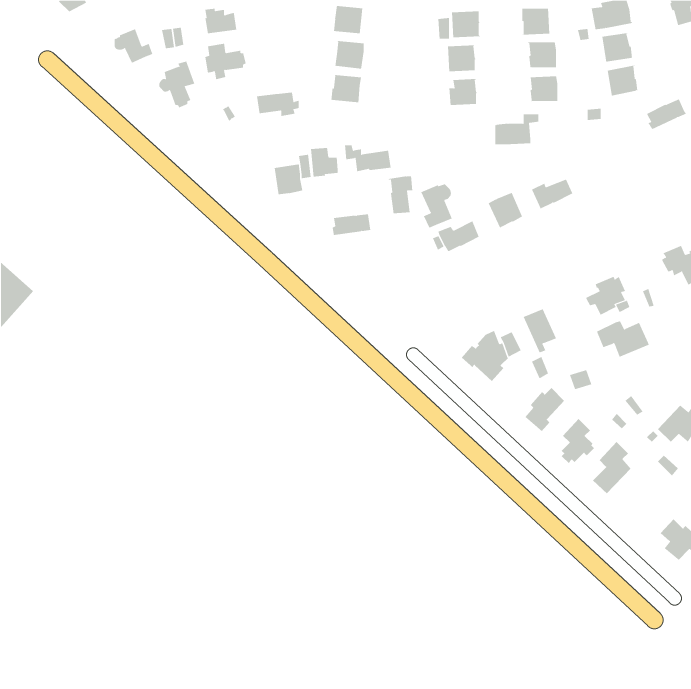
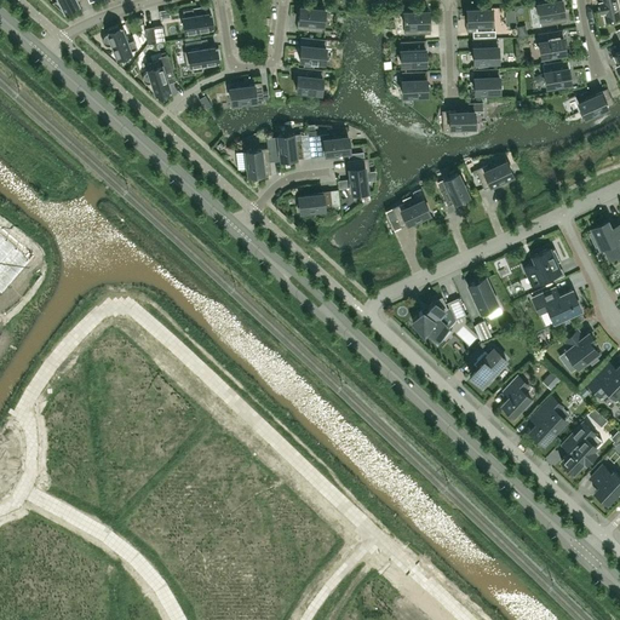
building: [421,183,452,229] -> none
building: none -> [566,332,601,368]
building: none -> [562,424,598,472]

